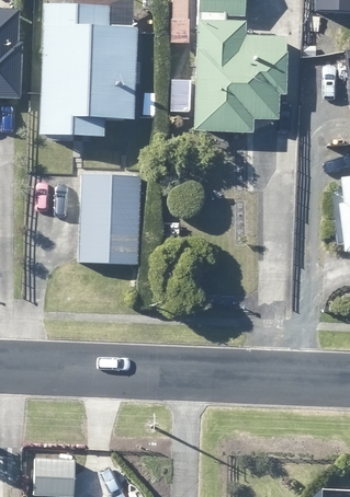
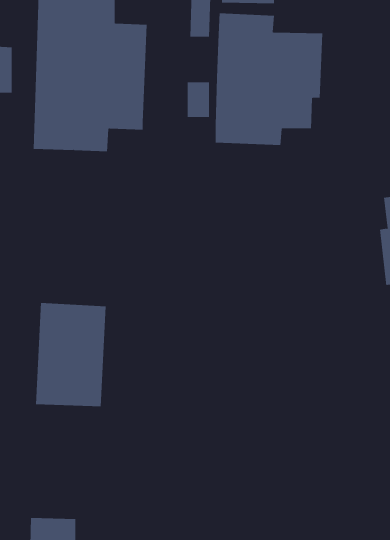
building: [84,172,146,262] -> [35,302,106,407]

